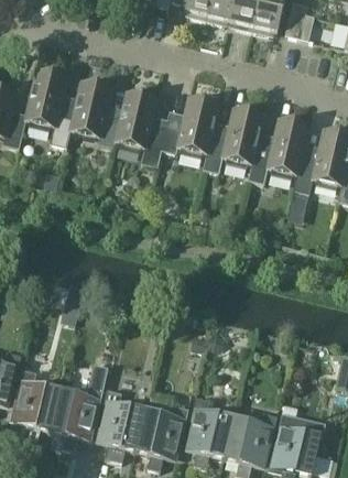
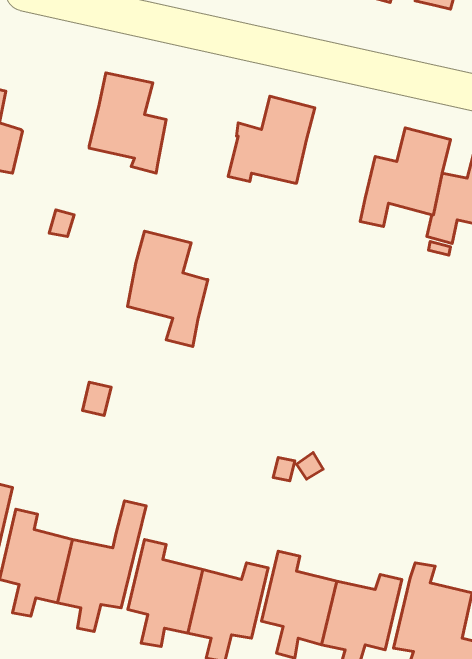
building: [25,69,77,144] -> none
building: [116,90,168,166] -> [128,231,208,347]
building: [203,107,263,171] -> none

